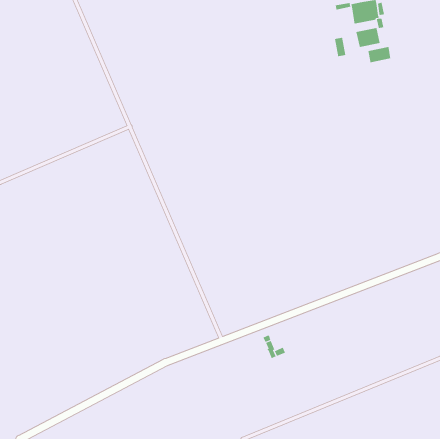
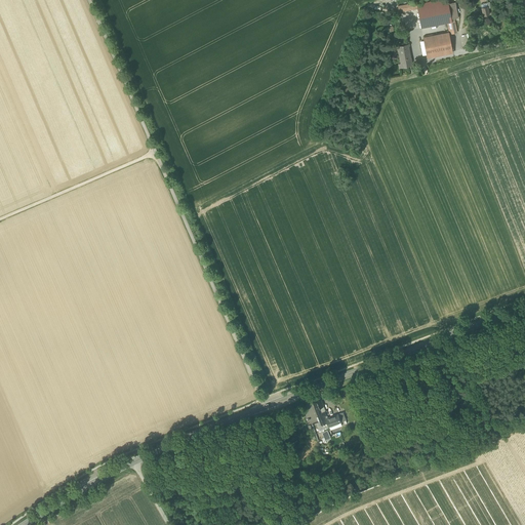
building: [368,46,391,63] -> none

